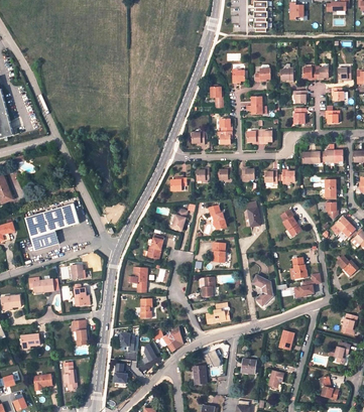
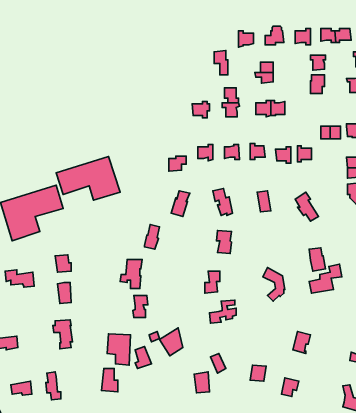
building: none -> [56,156,120,200]

